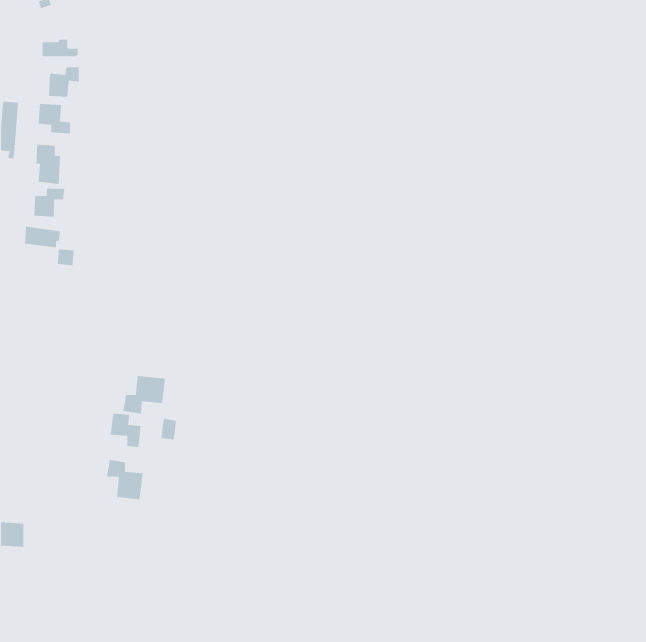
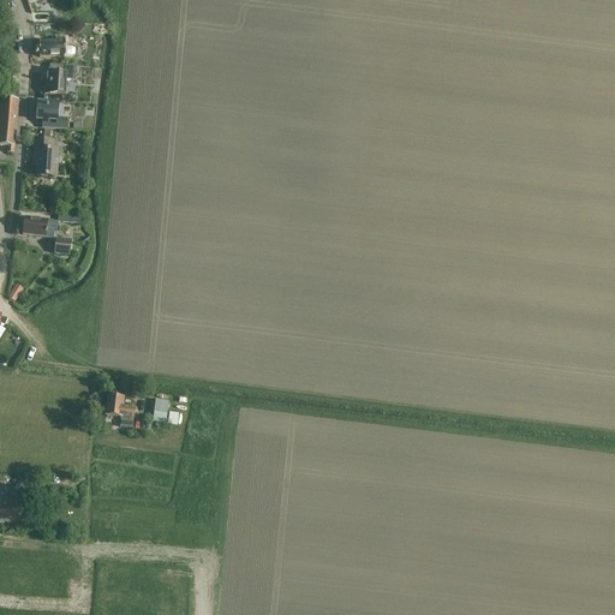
building: [34,187,65,217] -> none
building: [123,375,165,415] -> none
building: [107,459,143,500] -> none

